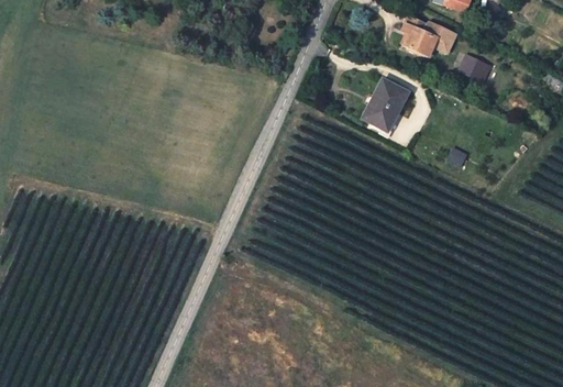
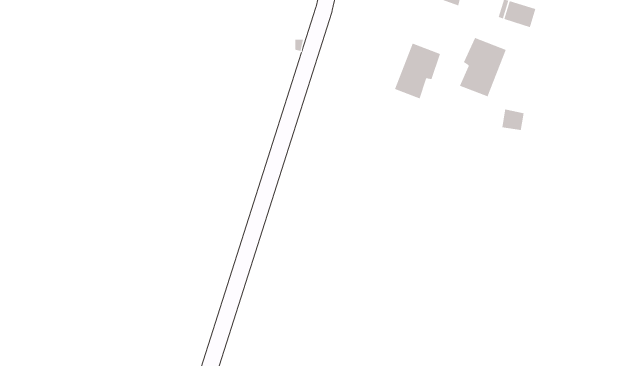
building: none -> [459,37,506,97]

